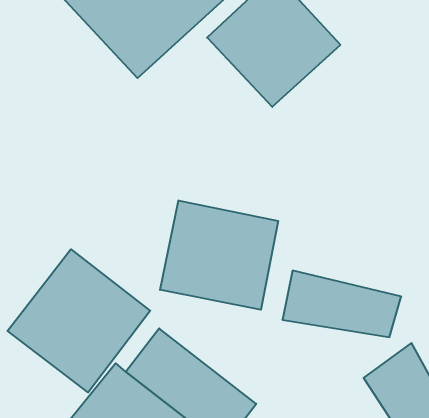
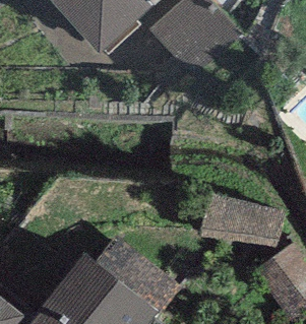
building: [160,200,278,310] -> none
building: [7,249,150,392] -> none

